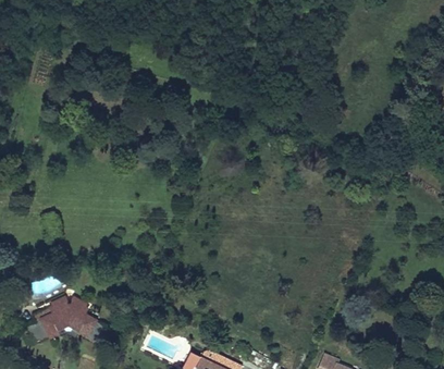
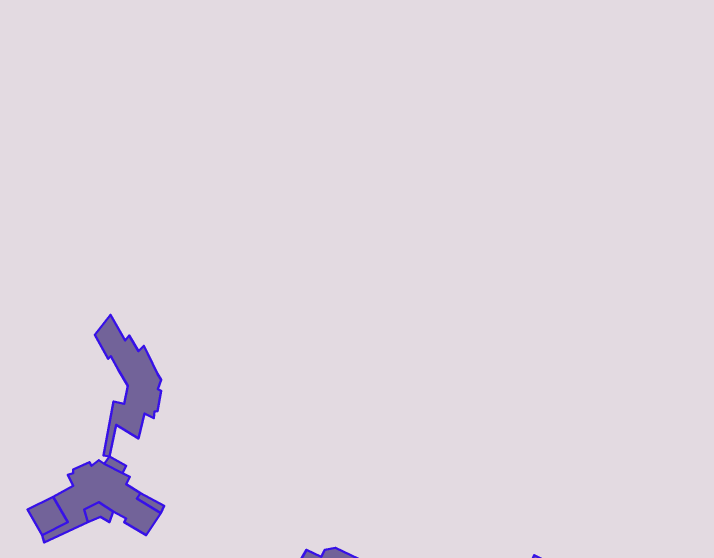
building: none -> [95,315,161,457]

